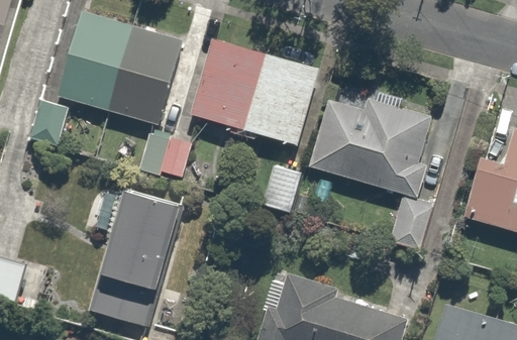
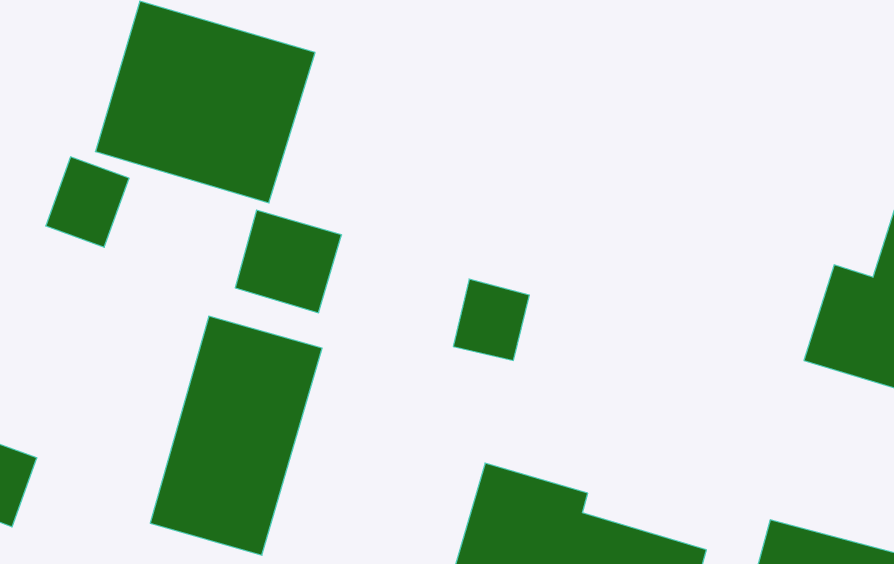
building: [190,33,322,146] -> none
building: [307,98,437,252] -> none

